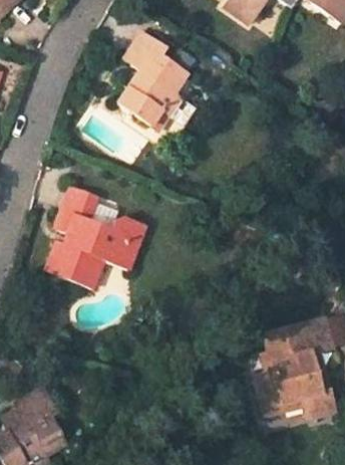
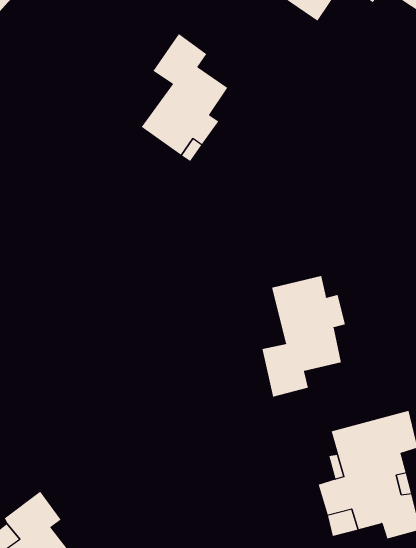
building: [46,185,146,290] -> none
building: none -> [262,275,345,397]

